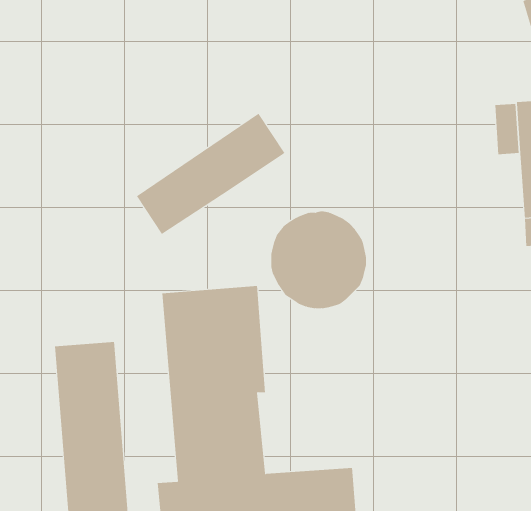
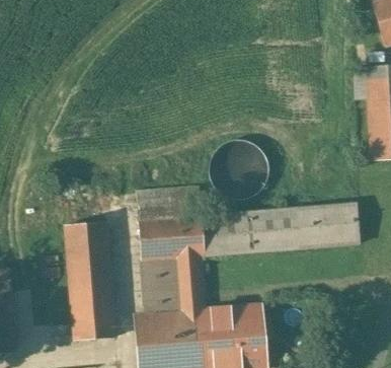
building: [136,113,285,235] -> none
building: none -> [202,203,361,256]

